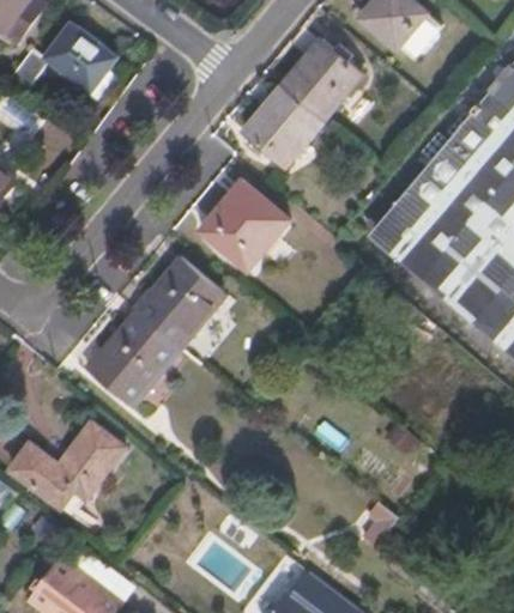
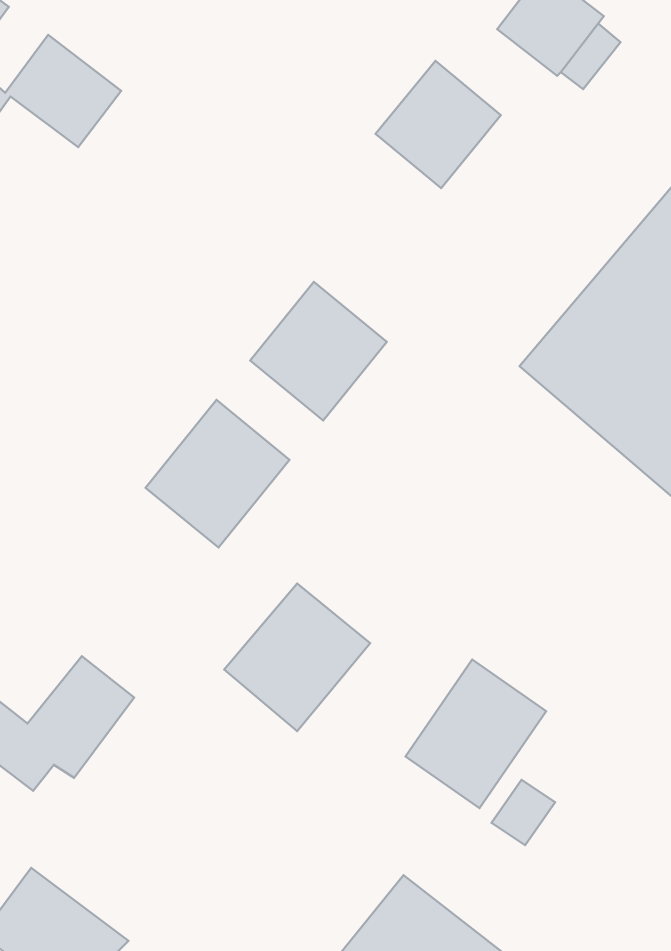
building: [241,86,321,166] -> none
building: [85,312,179,407] -> [224,583,370,731]
building: none -> [405,660,546,808]

